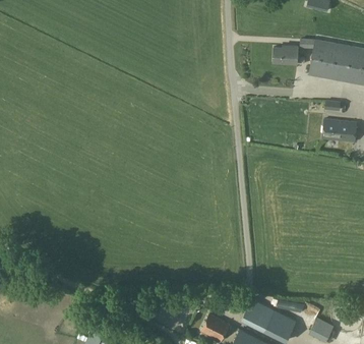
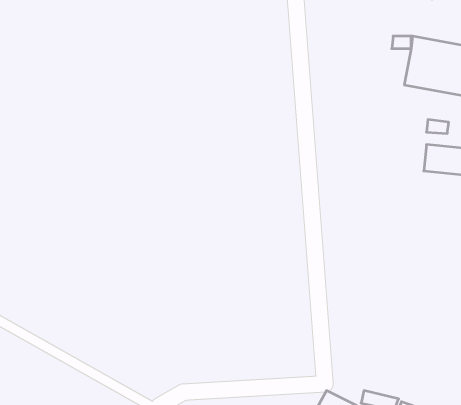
building: [272,45,297,63] -> none

